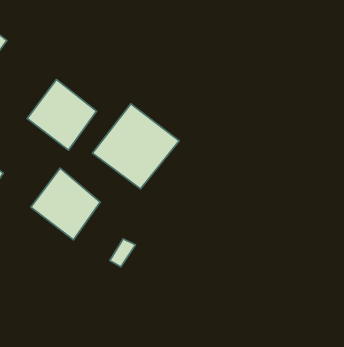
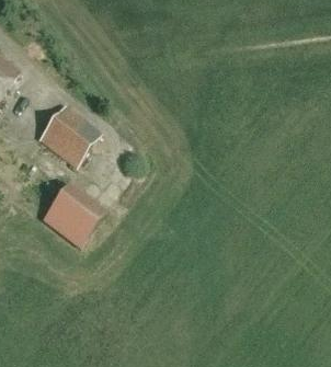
building: [93,104,179,189] -> none

